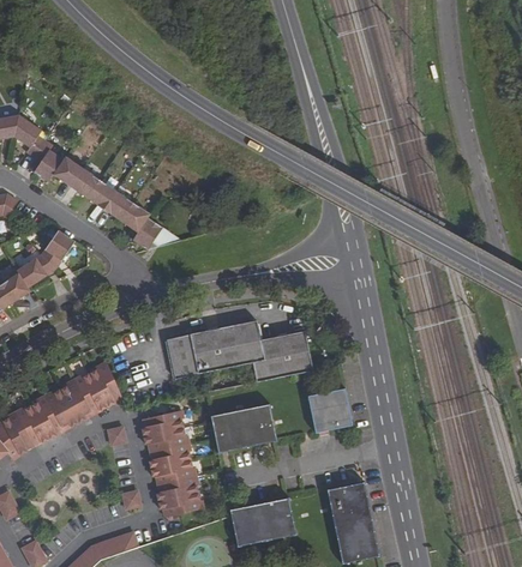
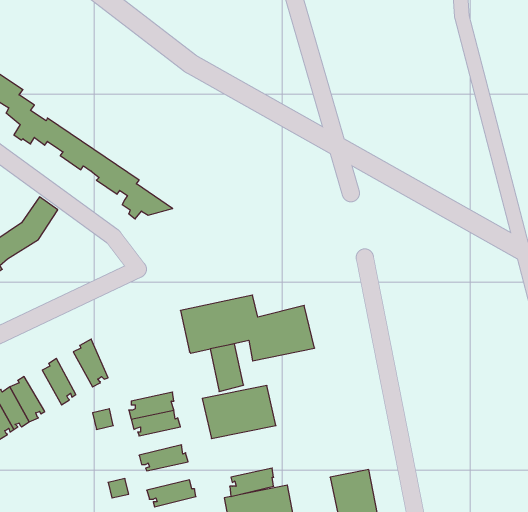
building: [166,334,197,379] -> [210,344,244,392]
building: [73,373,107,412] -> none
building: [307,388,353,432] -> none
building: [43,390,78,428] -> none
building: [149,442,190,469] -> none
building: [156,475,197,501] -> [230,468,274,497]

